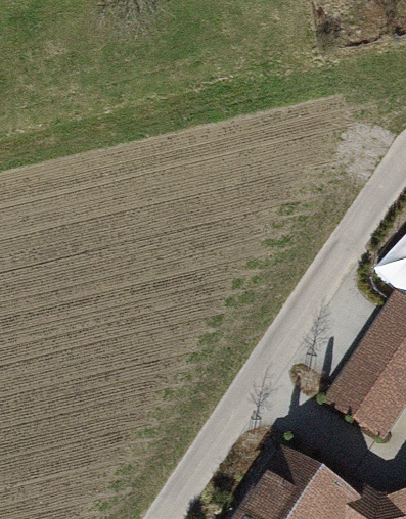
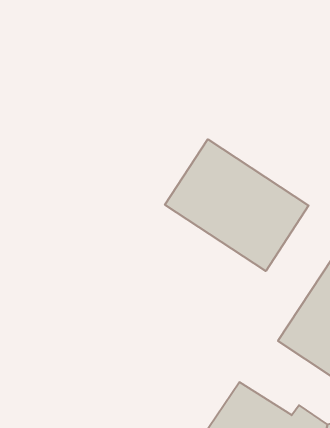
building: none -> [165,139,309,271]

